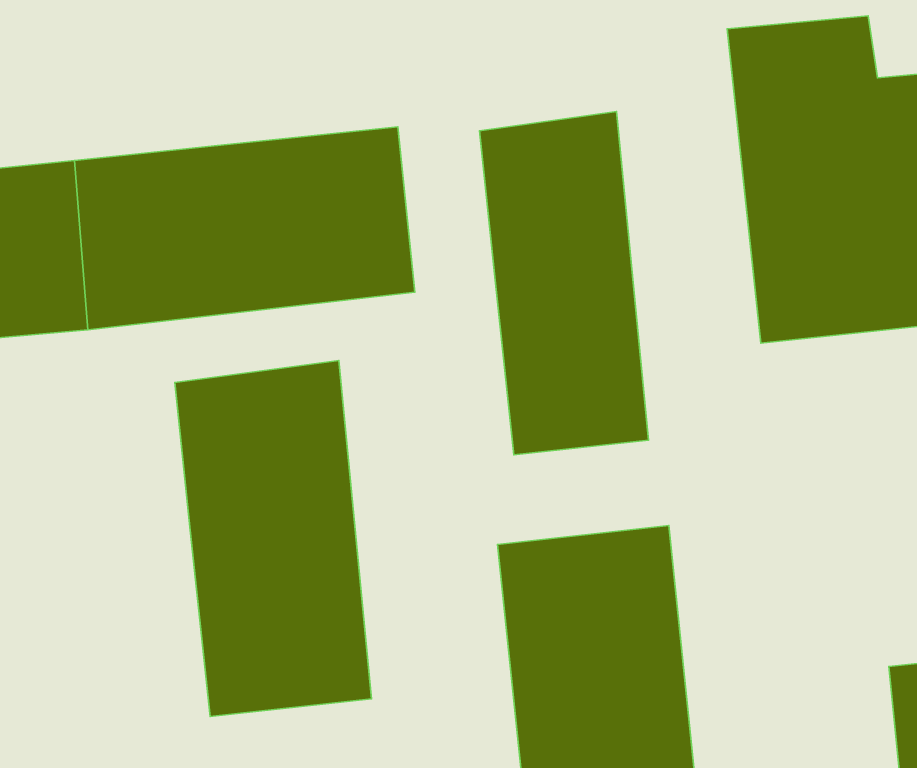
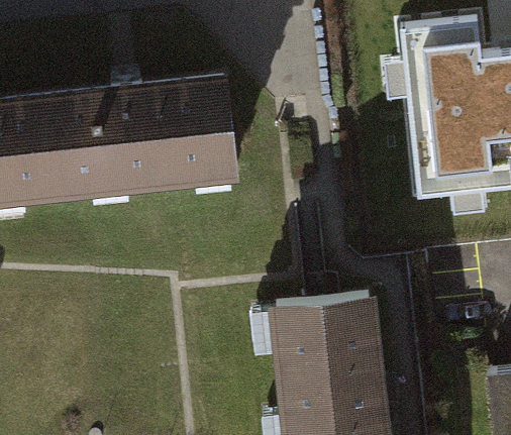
building: [479,112,648,455] -> none
building: [175,360,371,716] -> none

